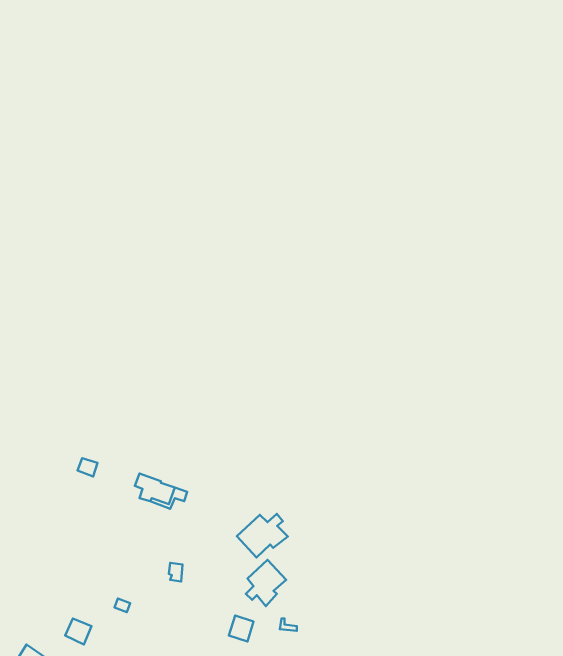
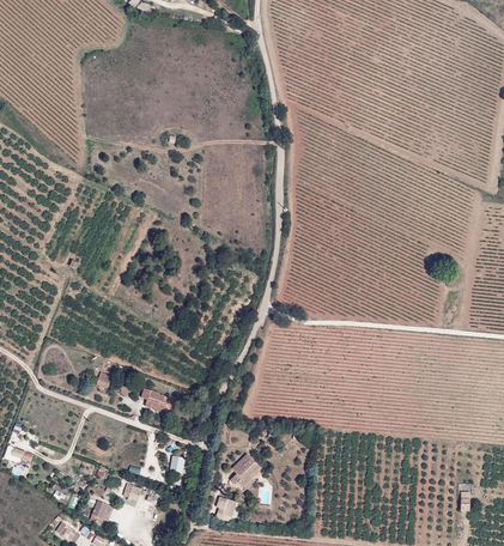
building: [237,514,288,557] -> none

